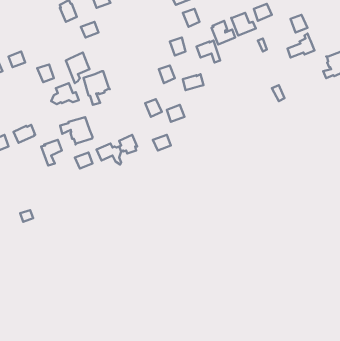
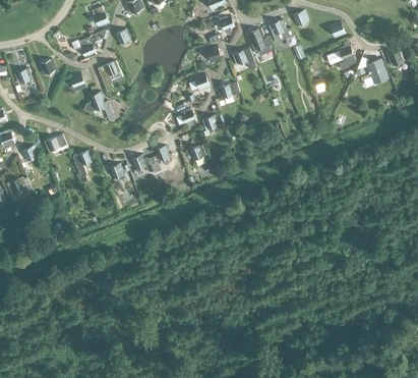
building: none -> [79,29,106,58]
building: [83,71,110,105] -> none
building: [60,117,92,145] -> none

